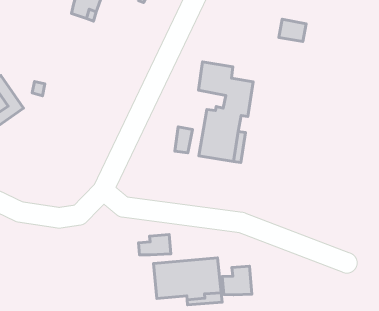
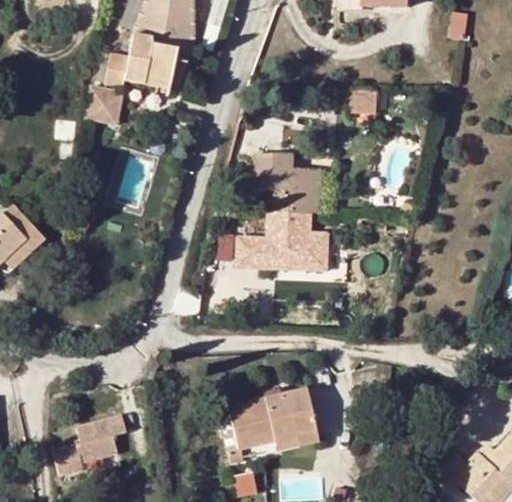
building: [138,234,171,255] -> none
building: none -> [53,416,128,476]
building: [222,266,252,295] -> none

